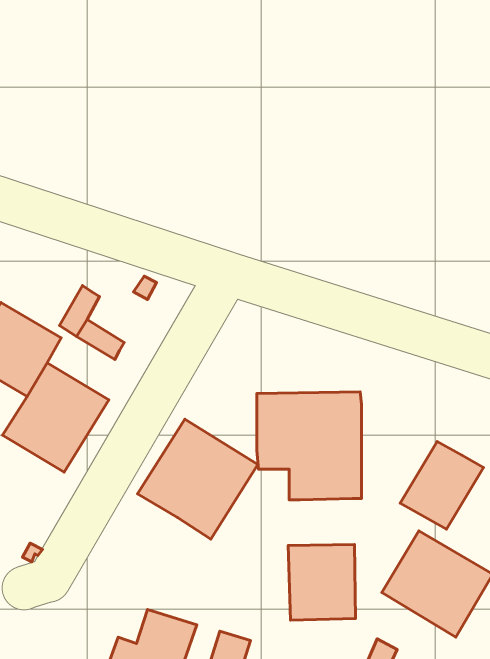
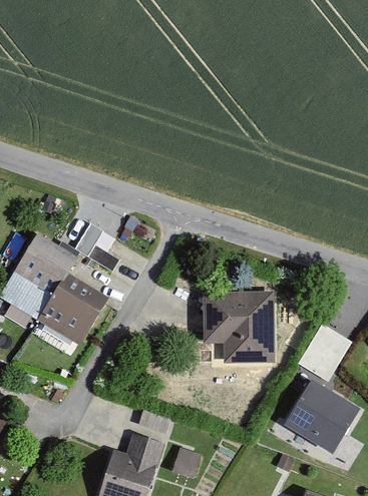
building: [138,419,258,539] -> none
building: [288,544,355,620] -> none

